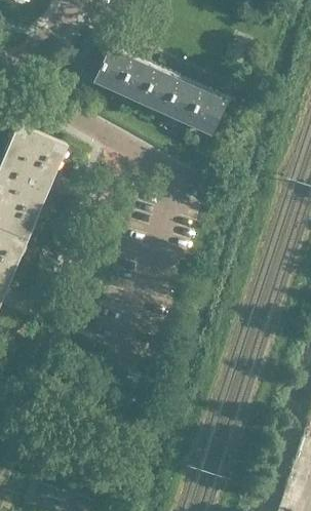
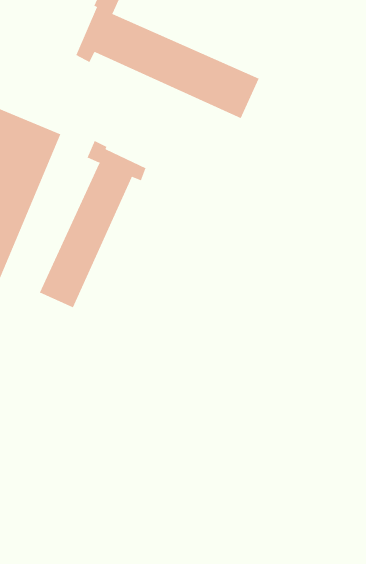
building: none -> [39,140,146,308]

